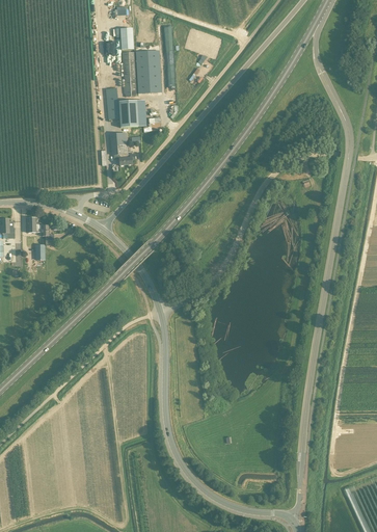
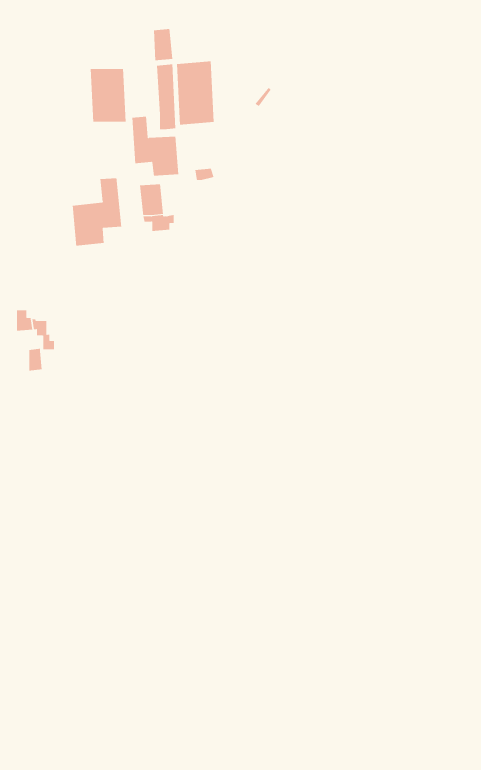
building: none -> [90,68,126,123]
building: none -> [72,177,122,247]

